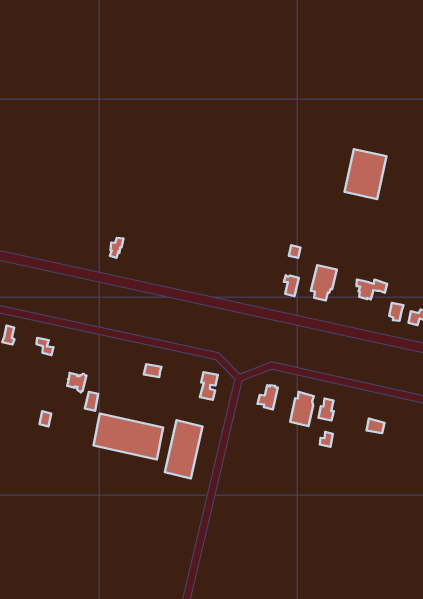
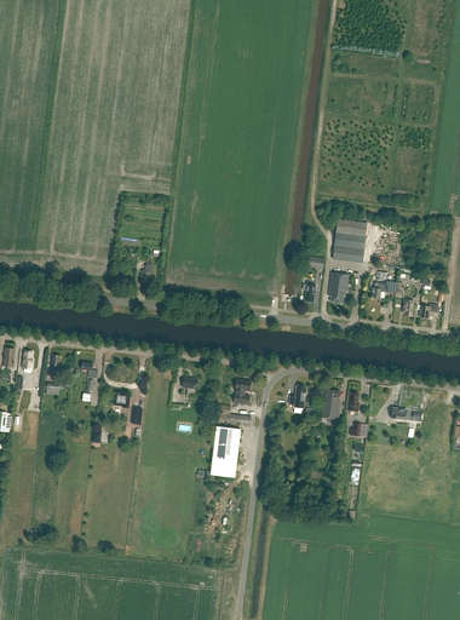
building: [345,149,386,199] -> [333,219,368,263]
building: [93,413,163,460] -> none

